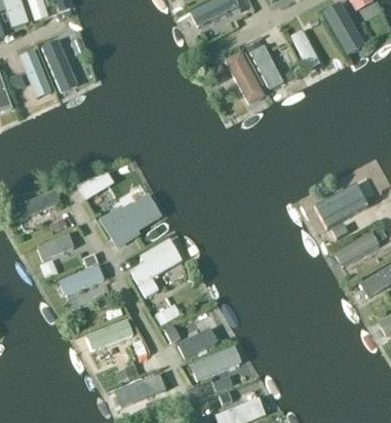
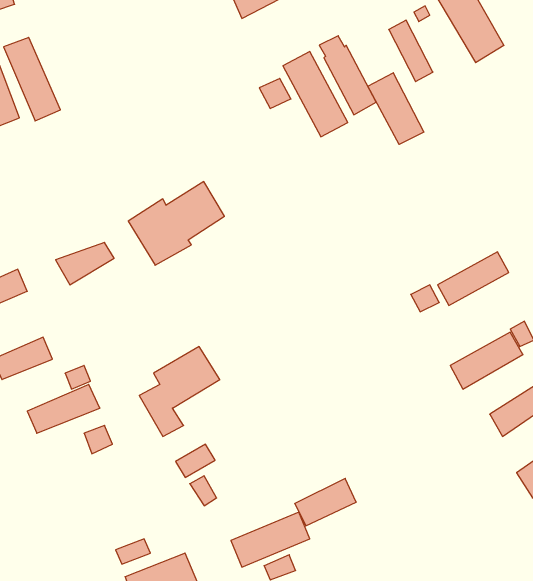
building: none -> [368,73,424,144]
building: [97,194,160,248] -> [128,182,224,265]
building: [85,319,132,351] -> none
building: [175,329,216,359] -> [295,478,356,526]

